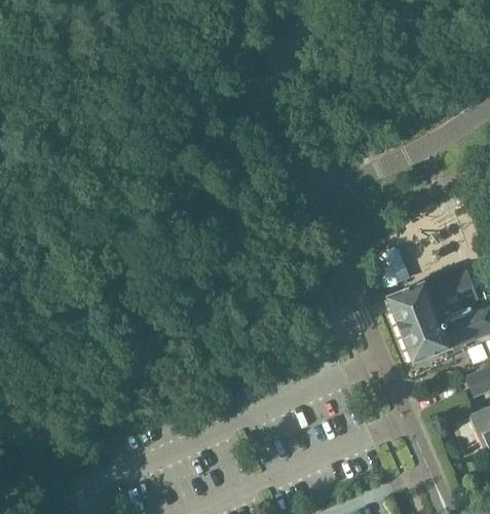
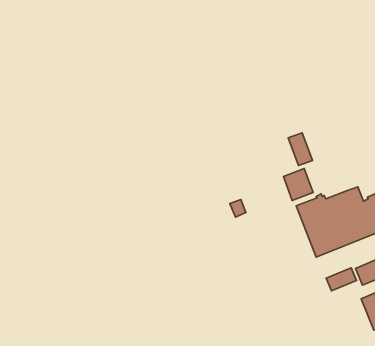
building: none -> [288,133,312,166]
building: none -> [326,268,356,291]

